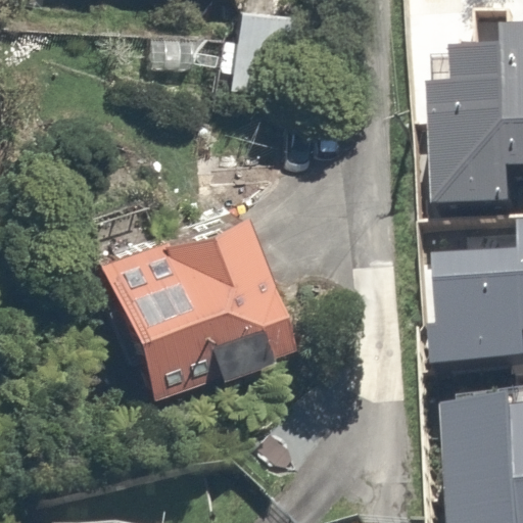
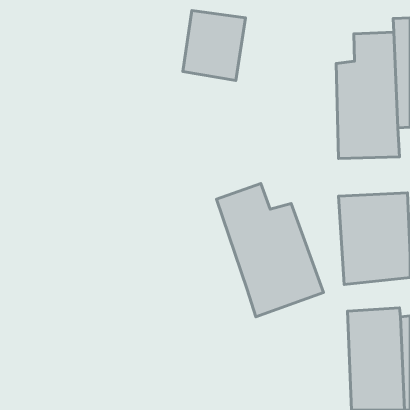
building: [102,219,299,400] -> none
building: none -> [216,184,323,317]

